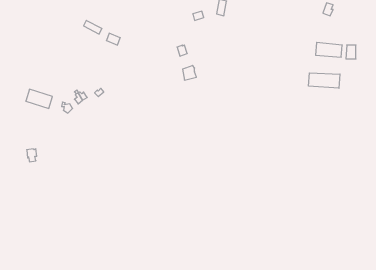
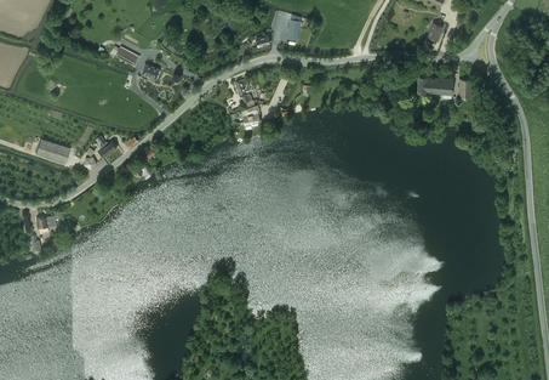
building: [309,73,340,88] -> none

